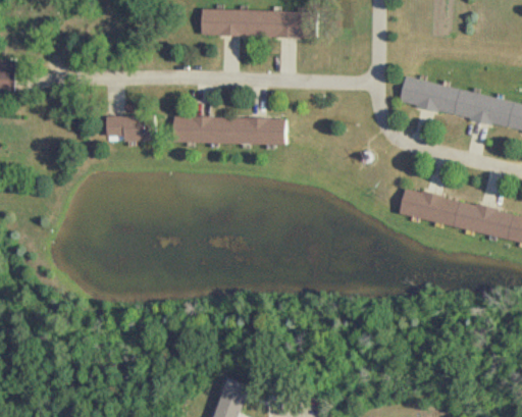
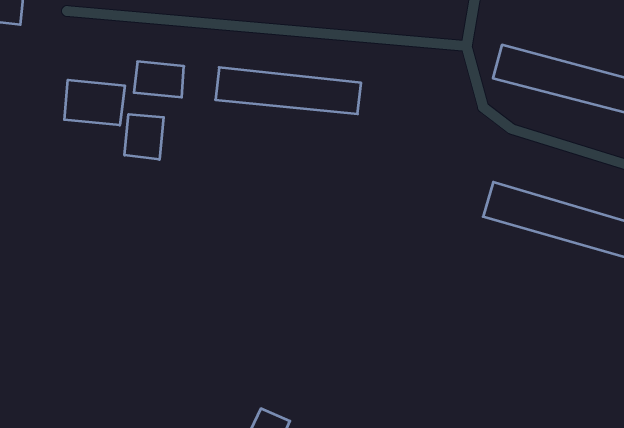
building: none -> [64,80,125,125]
building: none -> [125,114,164,160]

